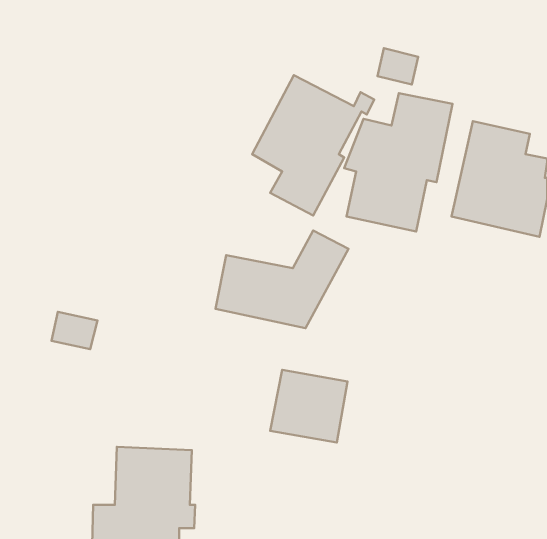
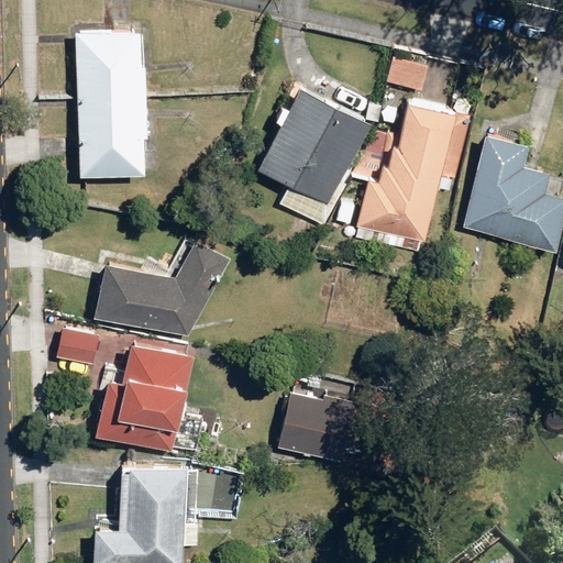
building: none -> [77,29,143,179]
building: [215,231,348,328] -> [93,239,230,339]
building: none -> [99,339,196,448]

